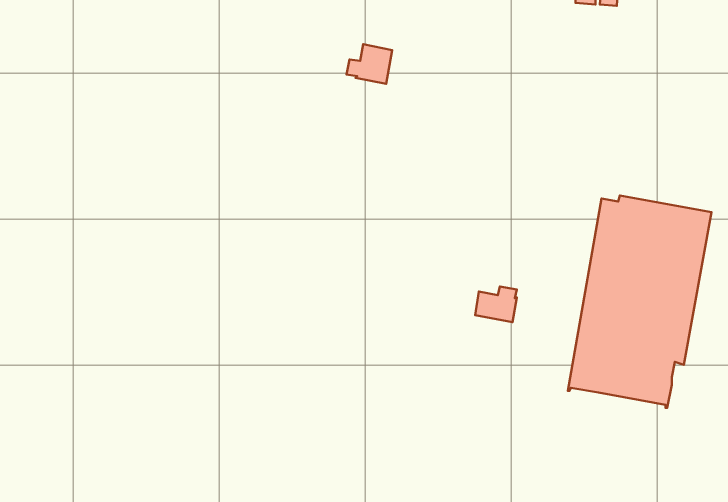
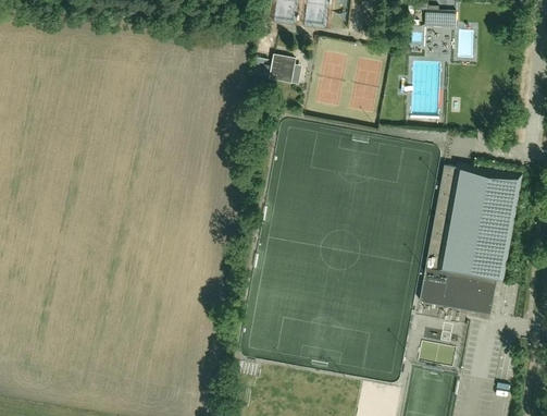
building: [475,287,517,322] -> none

